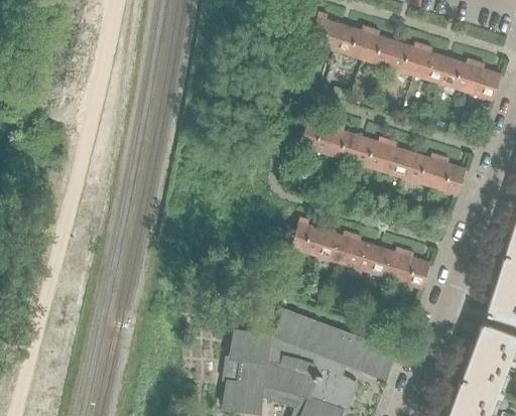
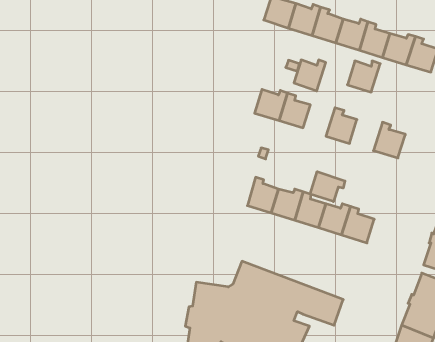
building: [355,137,390,171] -> [294,60,326,91]
building: [406,153,442,187] -> [347,61,380,92]
building: none -> [310,172,345,202]

